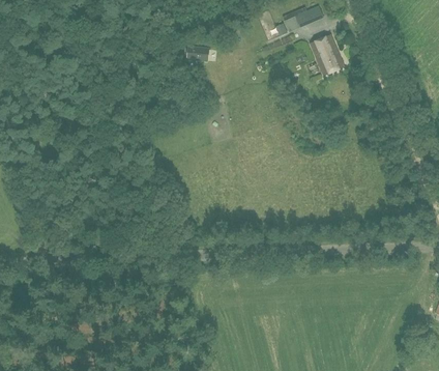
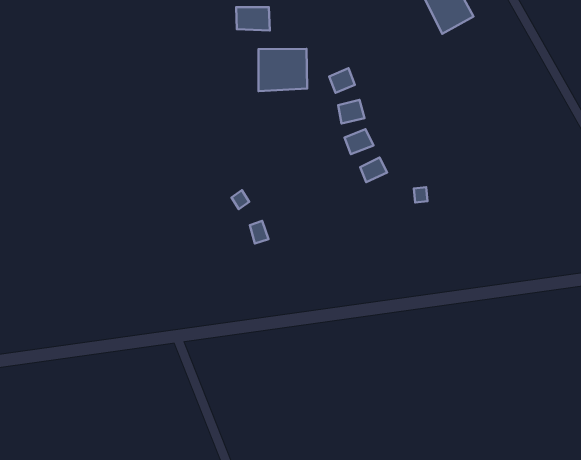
building: none -> [258,49,307,91]

